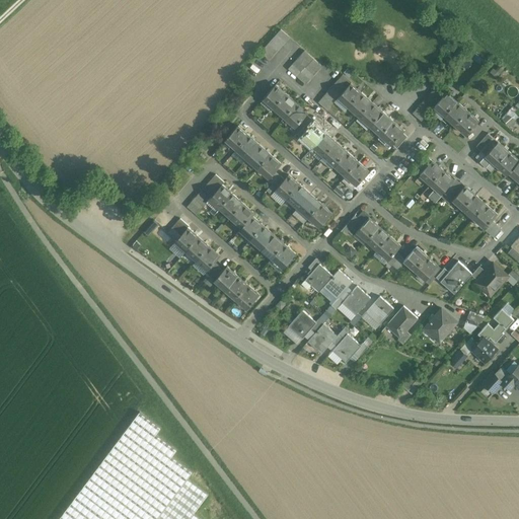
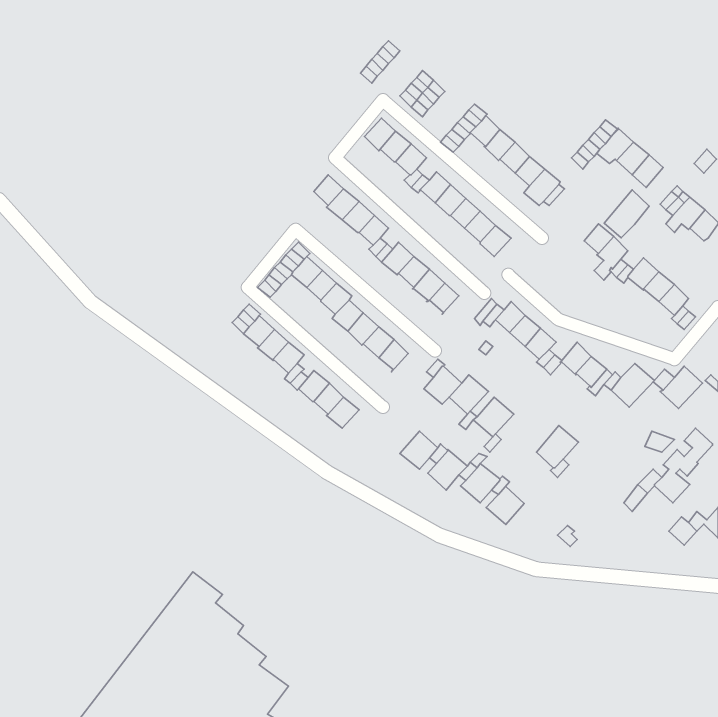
building: none -> [604,190,649,238]
building: [365,298,392,325] -> [486,486,524,524]
building: [424,311,455,343] -> none

